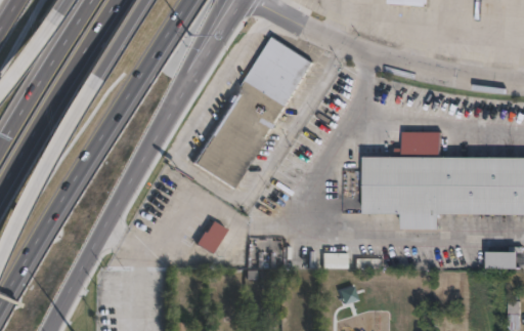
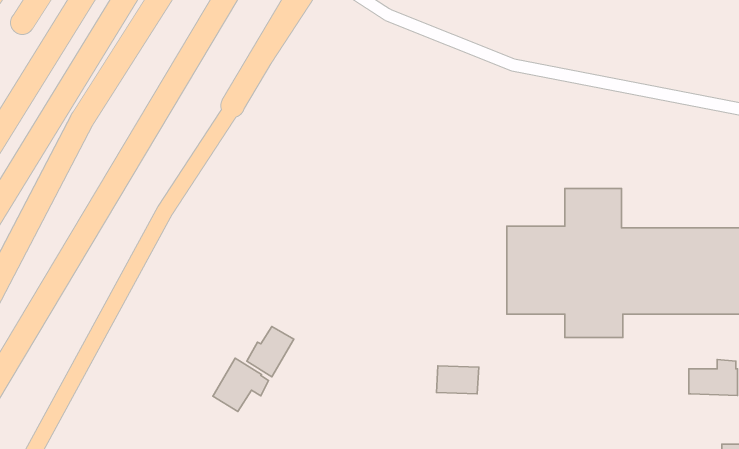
building: [190,39,311,192] -> none
building: none -> [213,358,269,412]

